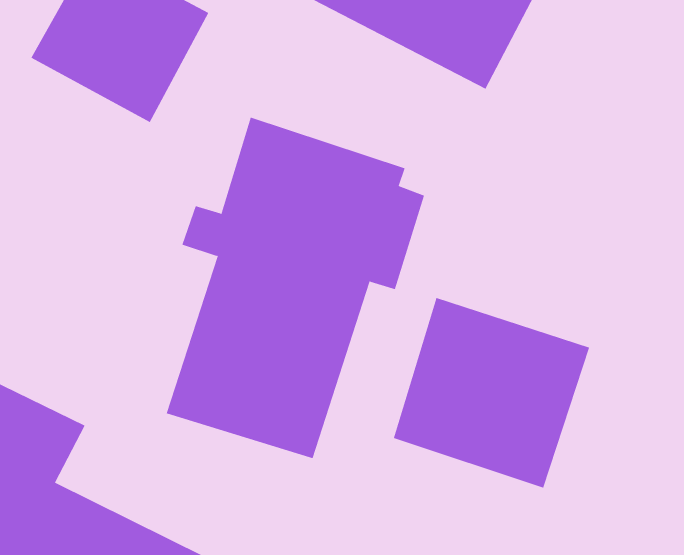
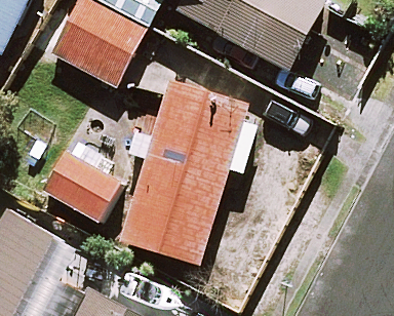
building: none -> [41,149,128,226]
building: [393,297,590,488] -> none

